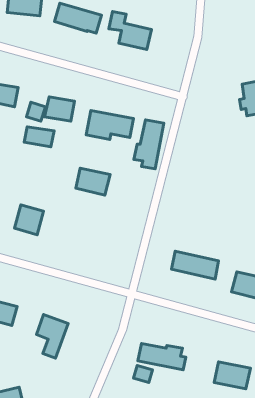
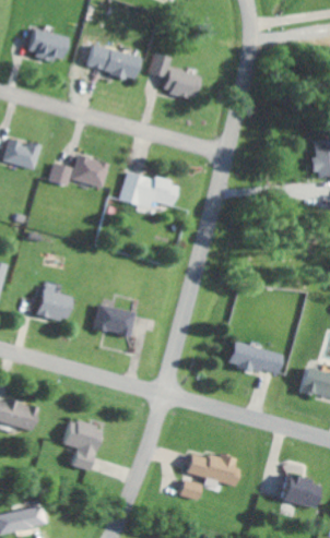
building: [134,120,164,169] -> none
building: [24,127,54,147] -> none
building: [76,168,110,195] -> [94,304,135,337]

